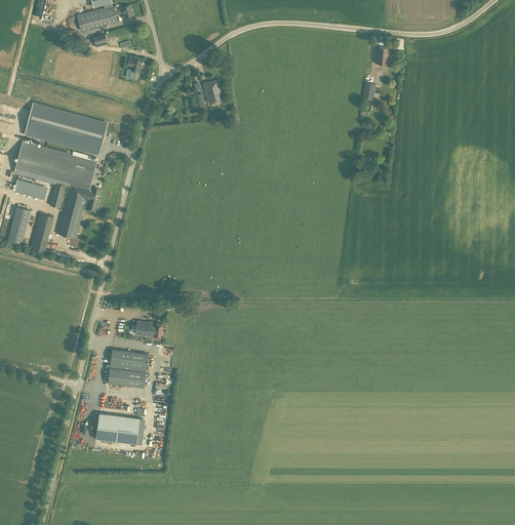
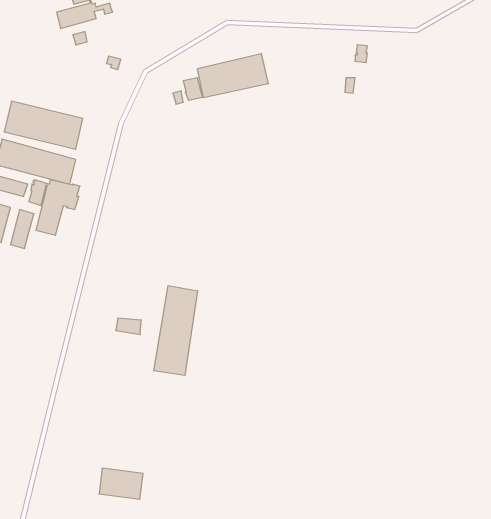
building: none -> [198,53,268,98]
building: none -> [154,286,198,375]
building: [107,350,148,389] -> none
building: [95,413,140,444] -> [99,468,143,499]

